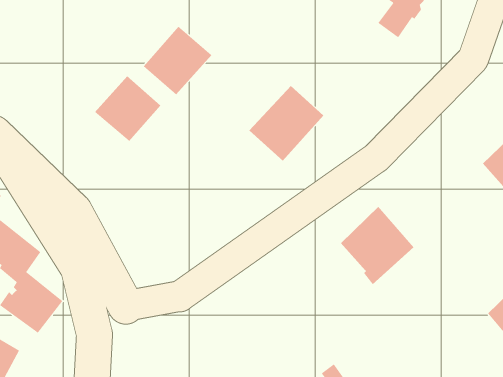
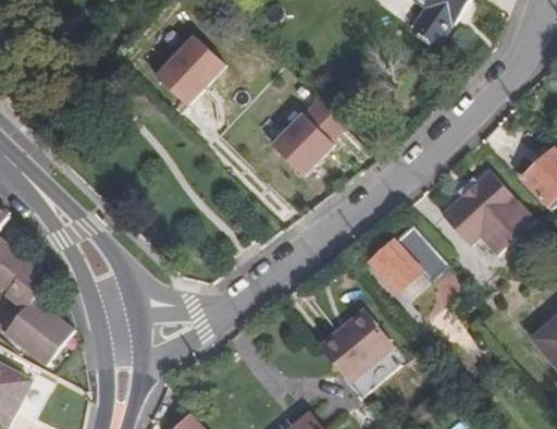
building: [94,76,161,142] -> none
building: none -> [440,172,534,257]
building: none -> [314,314,391,388]

